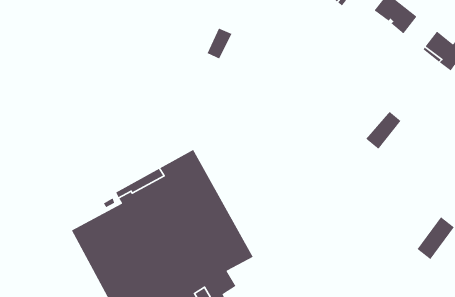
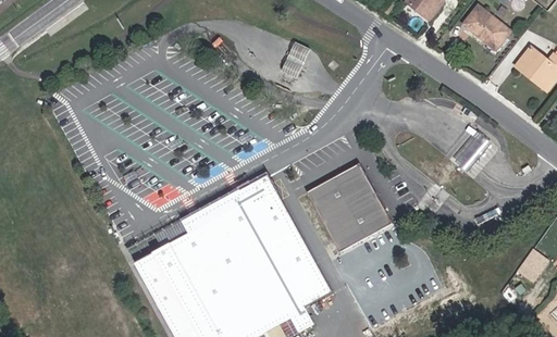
building: none -> [306,162,392,250]

